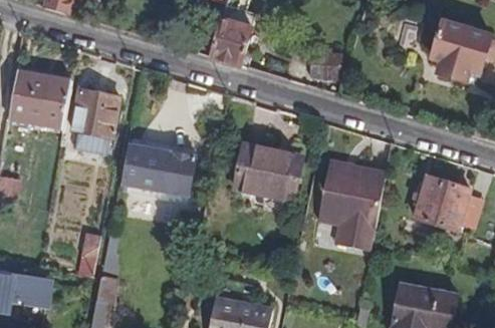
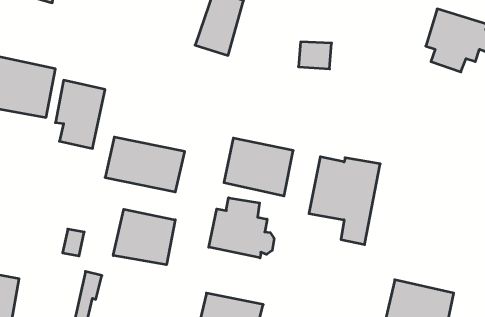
building: [409,178,464,226] -> none
building: none -> [209,198,274,258]
building: none -> [113,209,175,265]

